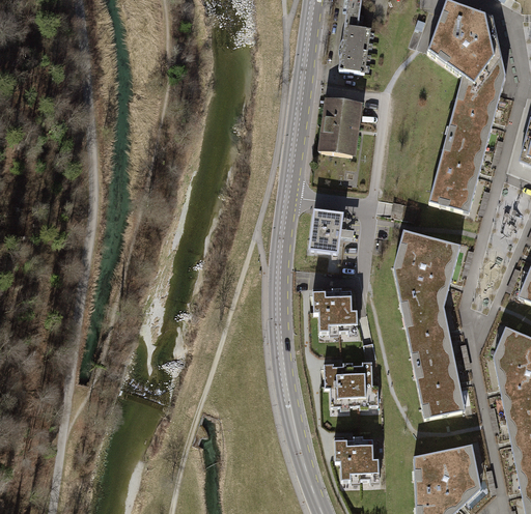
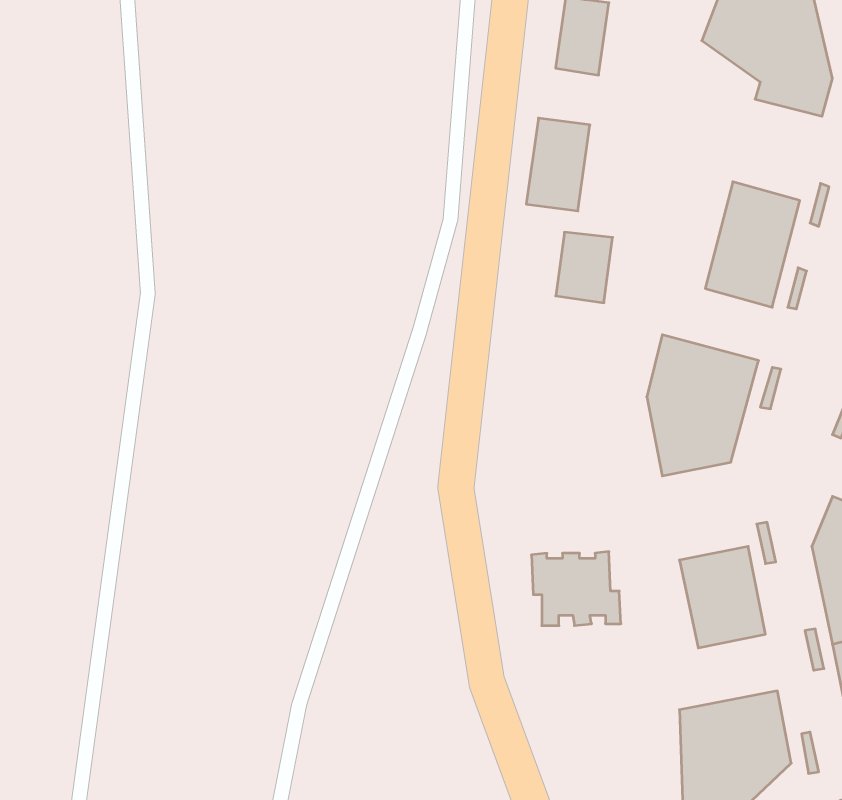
building: [446,87,500,148] -> none
building: [309,210,343,253] -> [556,232,613,303]
building: [313,288,358,332] -> none
building: [403,306,455,365] -> none
building: [335,435,380,480] -> none

